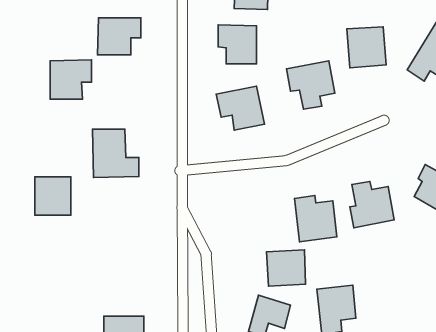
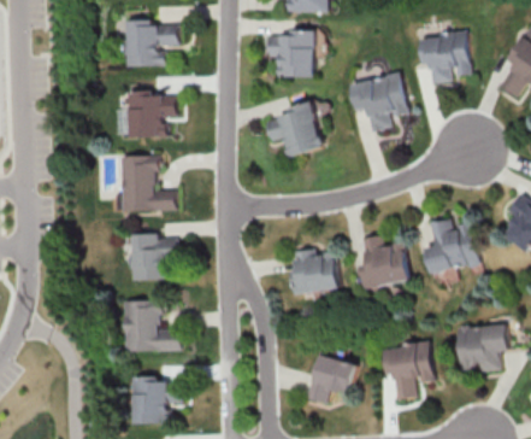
building: [50,60,91,99] -> [126,90,176,137]
building: [35,177,71,215] -> [130,235,173,281]
building: [266,250,306,286] -> [291,250,338,293]
building: none -> [122,302,178,352]
building: none -> [459,326,509,373]

